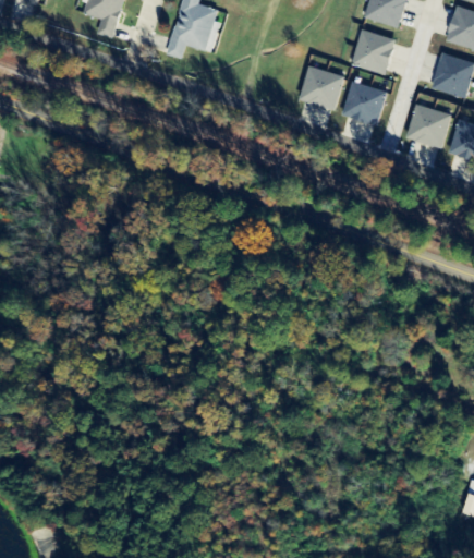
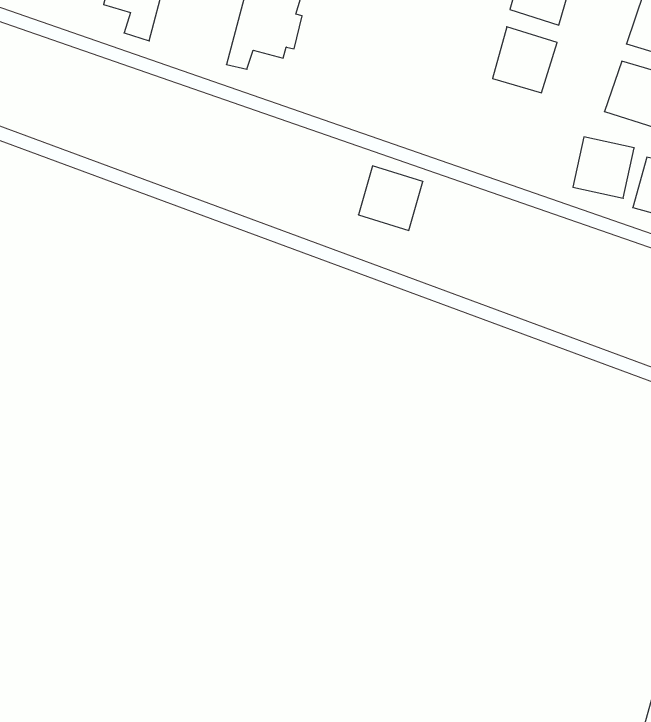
building: [300,65,344,110] -> [358,166,423,230]
building: [342,81,387,124] -> none

